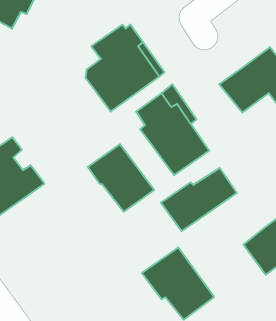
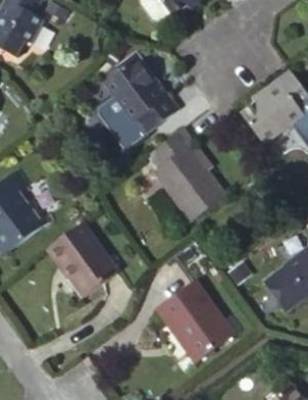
building: [88,144,154,212] -> [46,229,115,299]
building: [161,168,237,231] -> none

